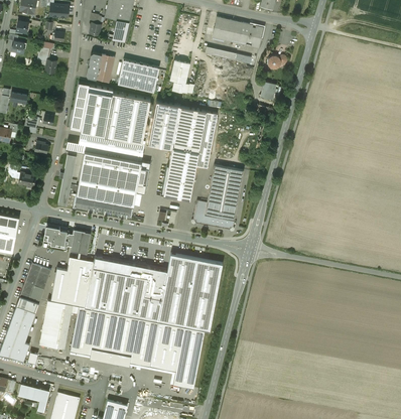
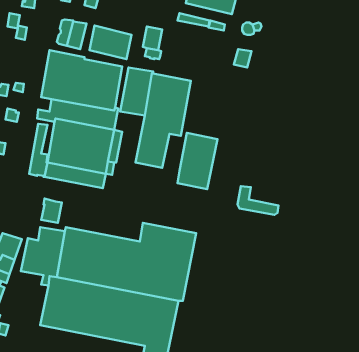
building: [193,201,234,230] -> [238,186,279,215]
building: [44,228,74,249] -> none
building: [39,300,73,351] -> none

